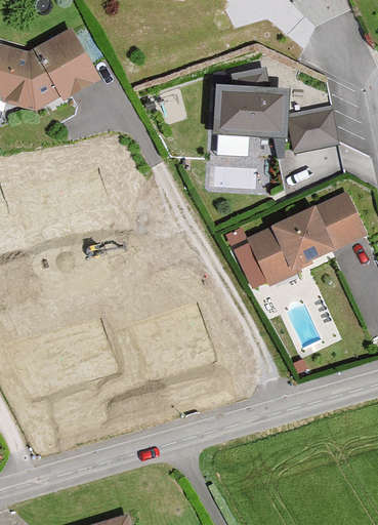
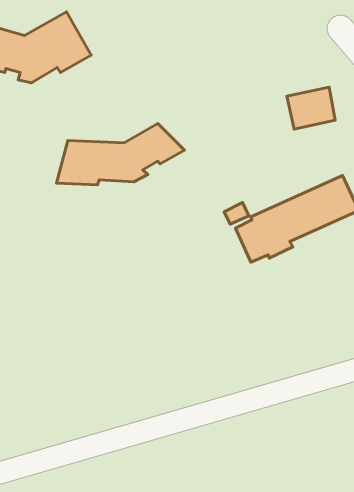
building: [217,74,285,135] -> none
building: none -> [56,123,184,185]

